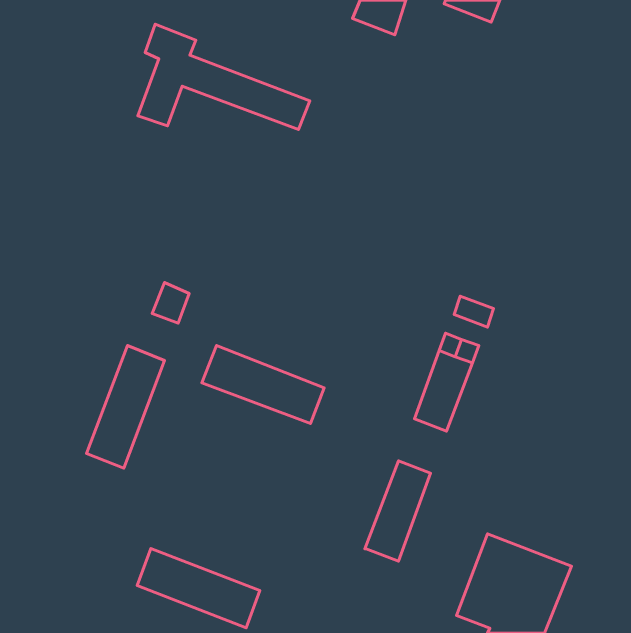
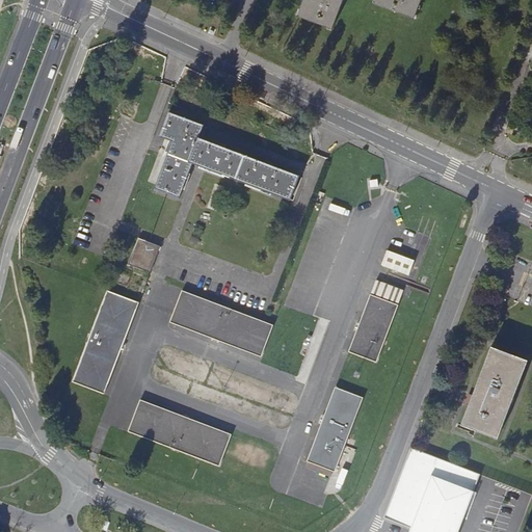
building: [138,24,310,129] -> [154,111,298,200]
building: none -> [460,346,526,438]
building: [137,548,260,628] -> [128,399,231,466]

